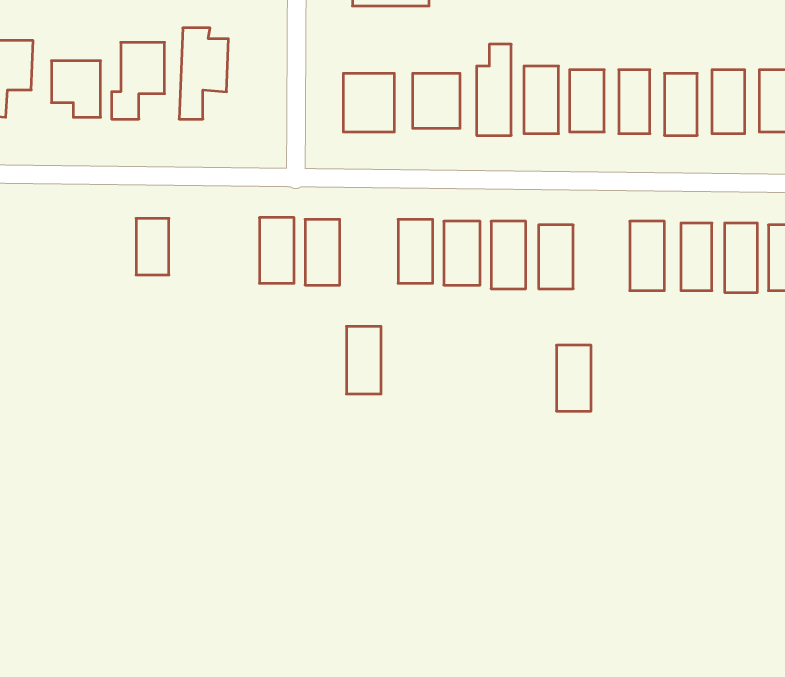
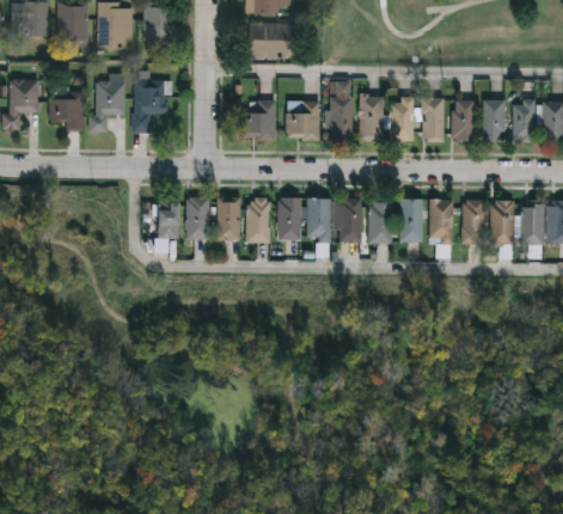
building: [136,218,169,275] -> [157,201,178,238]
building: [346,326,381,394] -> [247,197,270,241]
building: [556,345,591,411] -> [399,198,422,241]

